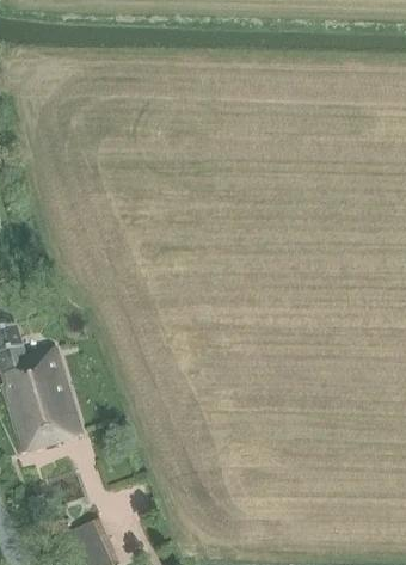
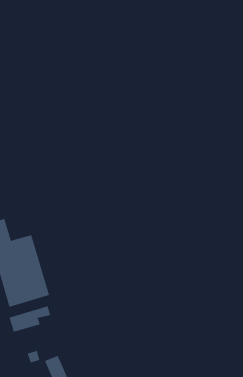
building: none -> [9,305,51,332]

